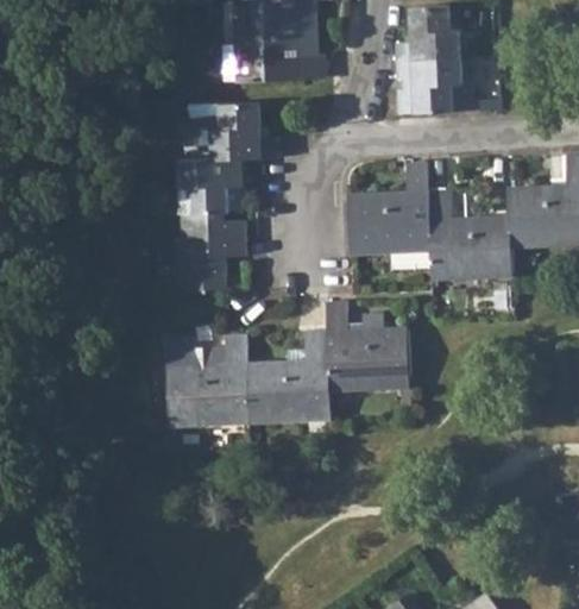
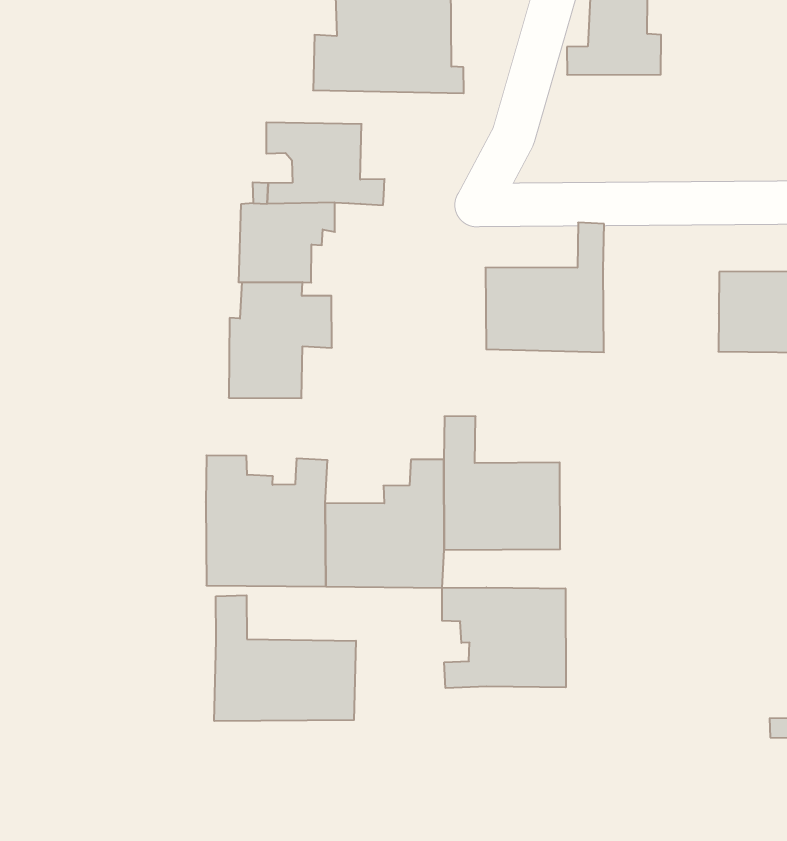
building: [397,57,501,113] -> none
building: [429,192,512,276] -> none
building: none -> [442,587,566,688]
building: none -> [214,595,356,721]

